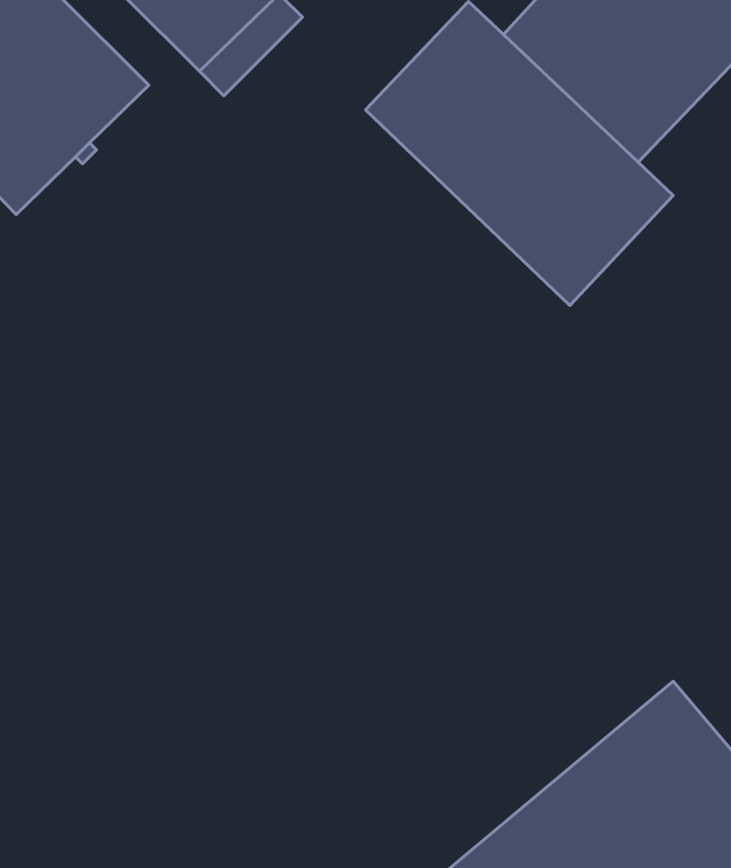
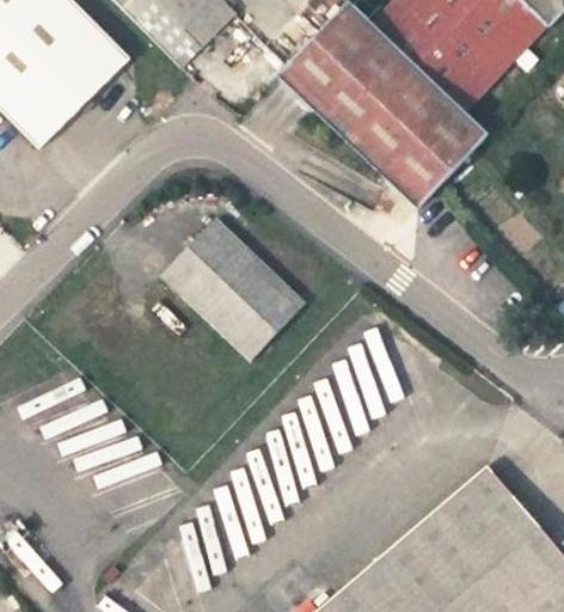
building: none -> [161,218,304,359]

